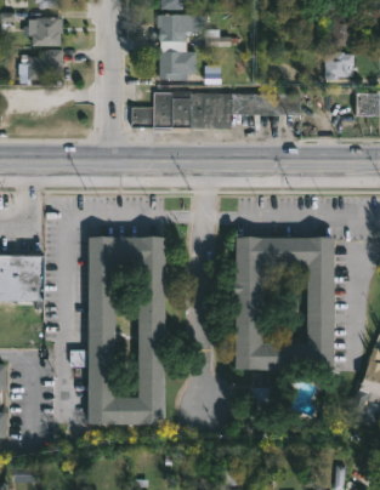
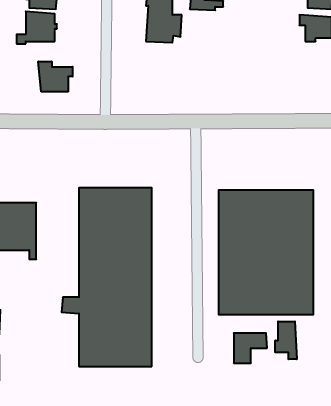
building: [131,93,300,131] -> none
building: none -> [38,61,73,92]
building: none -> [275,321,297,359]

